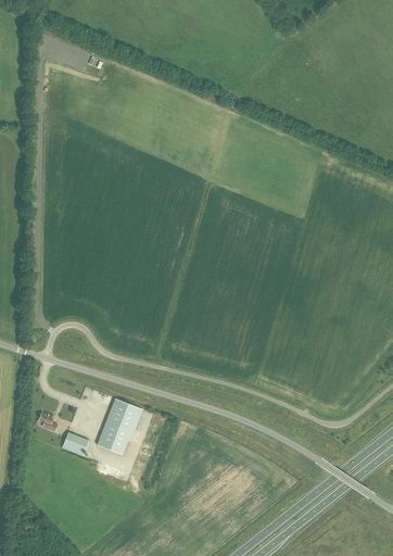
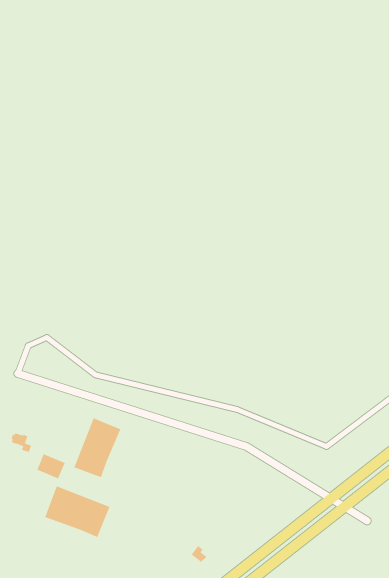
building: none -> [45,485,110,538]

